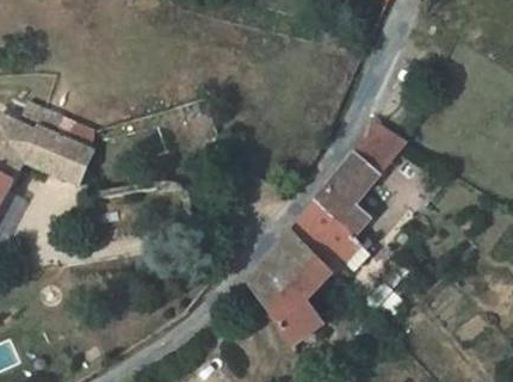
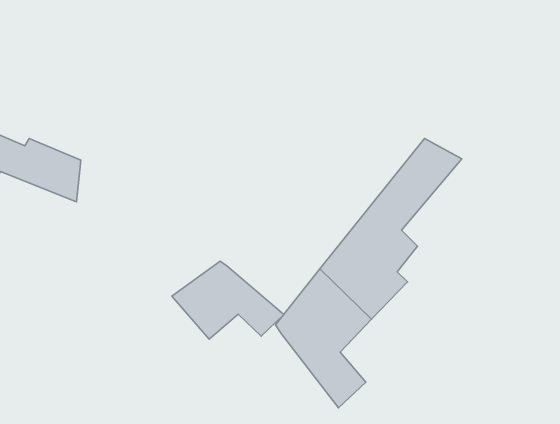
building: none -> [172,261,284,339]

